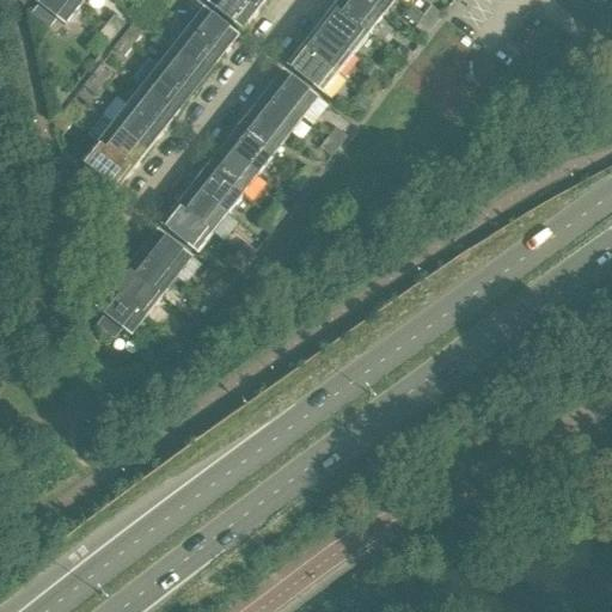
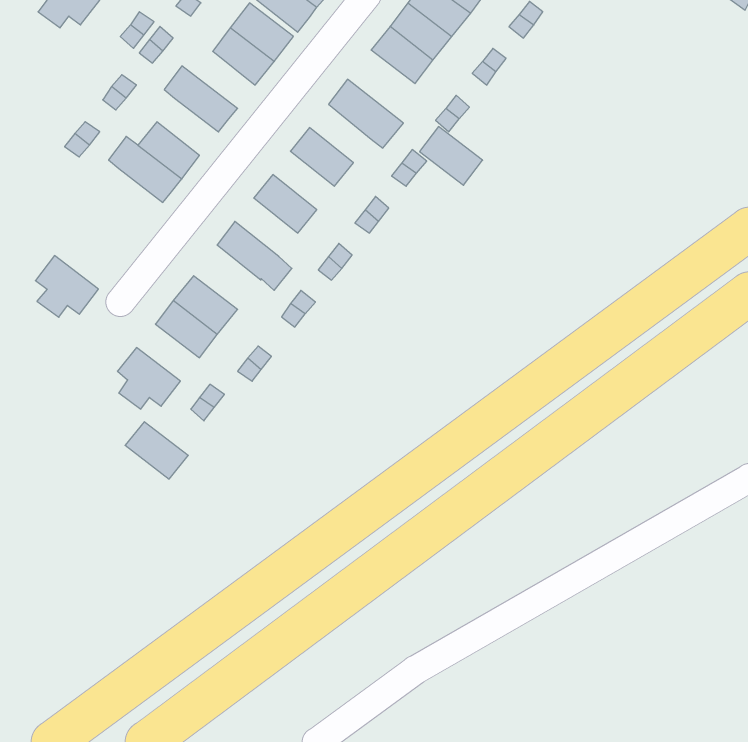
building: [288,41,339,88] -> [420,127,483,185]
building: [159,42,209,88] -> none
building: [129,80,179,127] -> none
building: [253,85,304,133] -> none
building: [224,123,274,171] -> none
building: [82,137,134,188] -> [35,256,98,317]
building: [192,161,244,209] -> none
building: [163,200,214,249] -> none
building: [112,264,164,311] -> [125,422,188,479]

